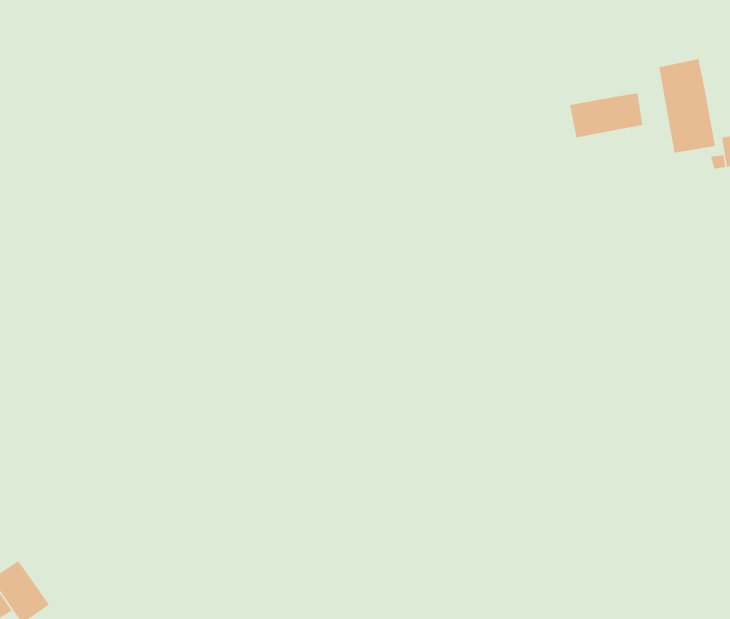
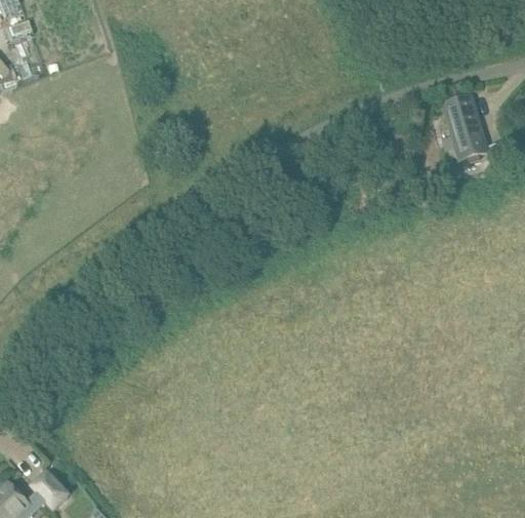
building: [569,93,643,138] -> none

